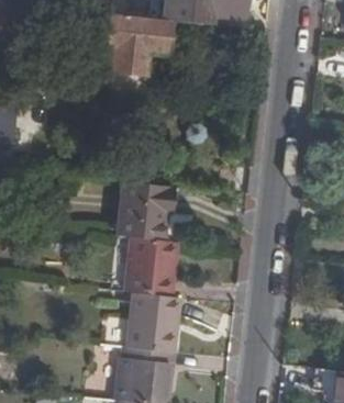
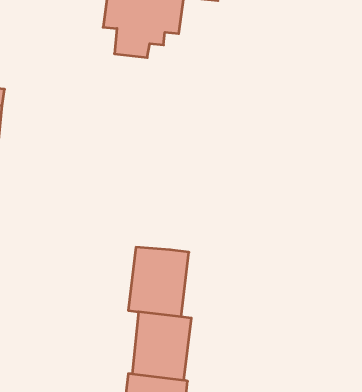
building: [114,179,169,238] -> none

